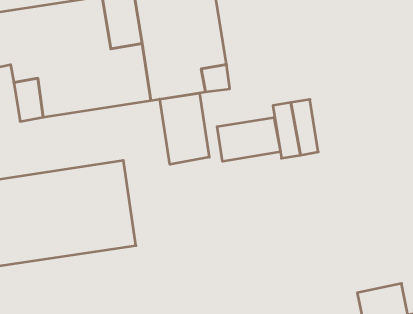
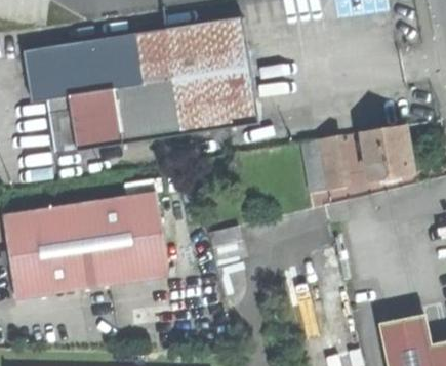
building: none -> [355,123,413,178]
building: [160,93,209,164] -> none
building: [217,117,280,161] -> none

